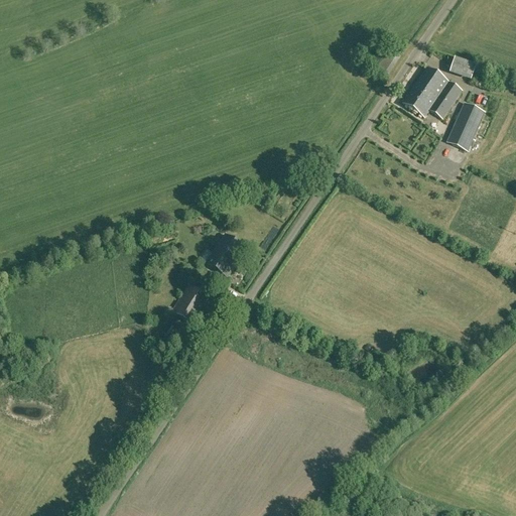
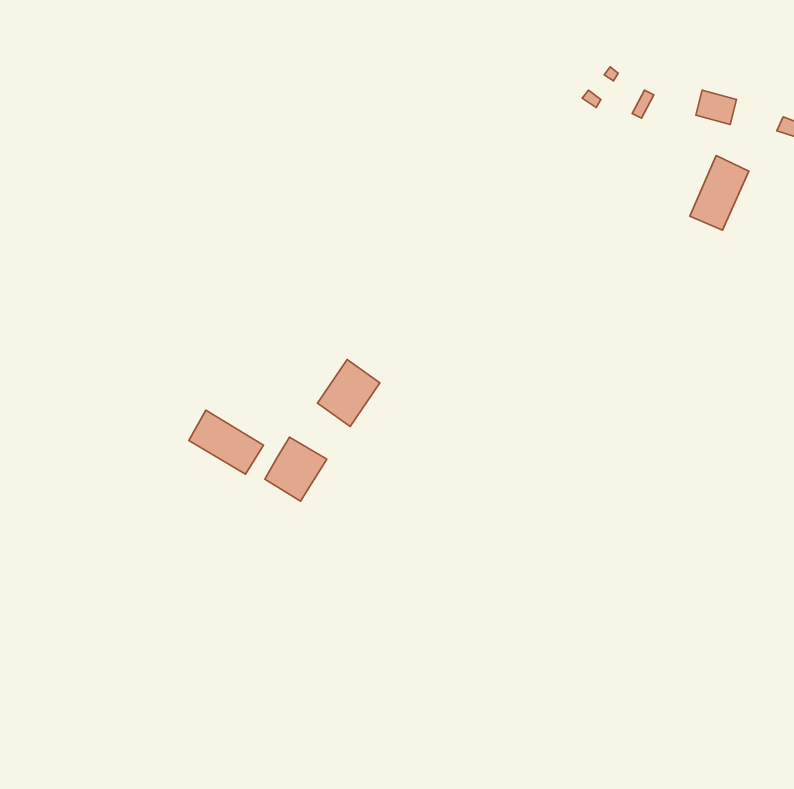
building: [404,66,463,117] -> none
building: none -> [189,410,263,474]

